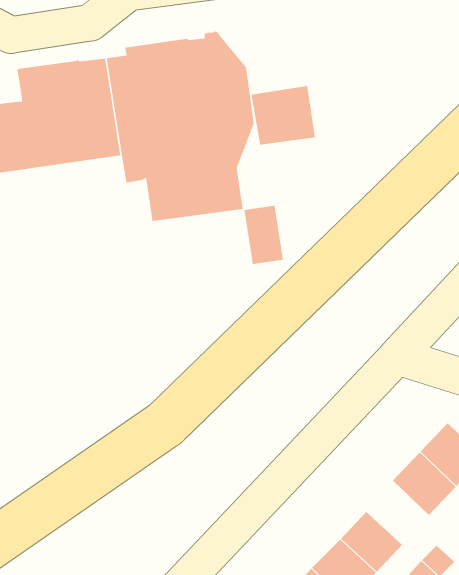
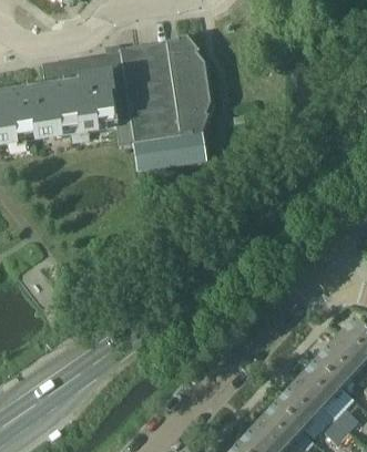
building: [250,85,316,146] -> none
building: [244,205,284,265] -> none
building: none -> [295,360,340,407]

